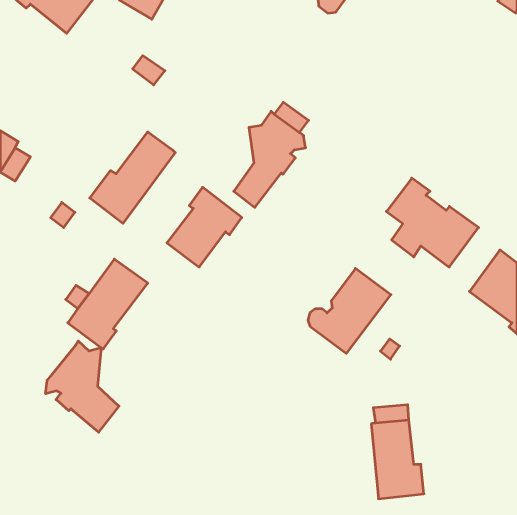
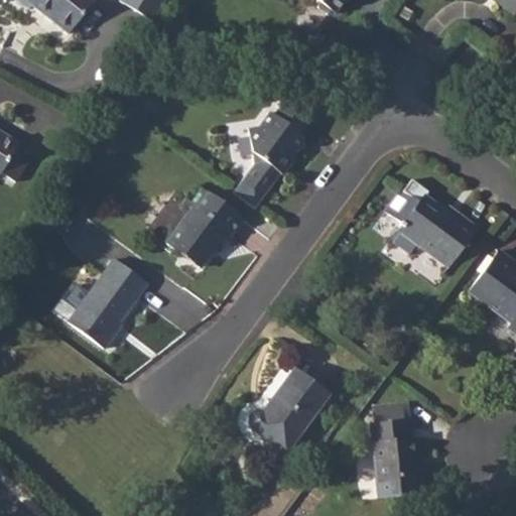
building: [90,132,175,223] -> none
building: [308,268,391,353] -> [246,368,329,453]
building: [46,341,119,432] -> none

